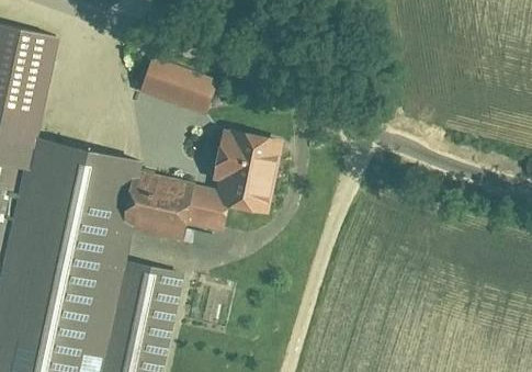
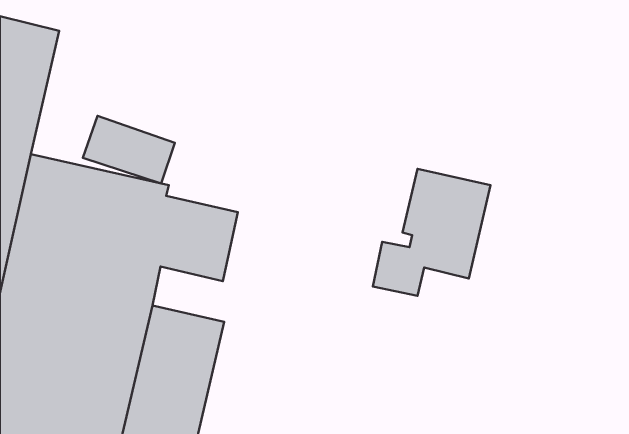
building: [144,59,218,114] -> [83,116,175,183]
building: [186,126,282,229] -> [373,169,491,296]

